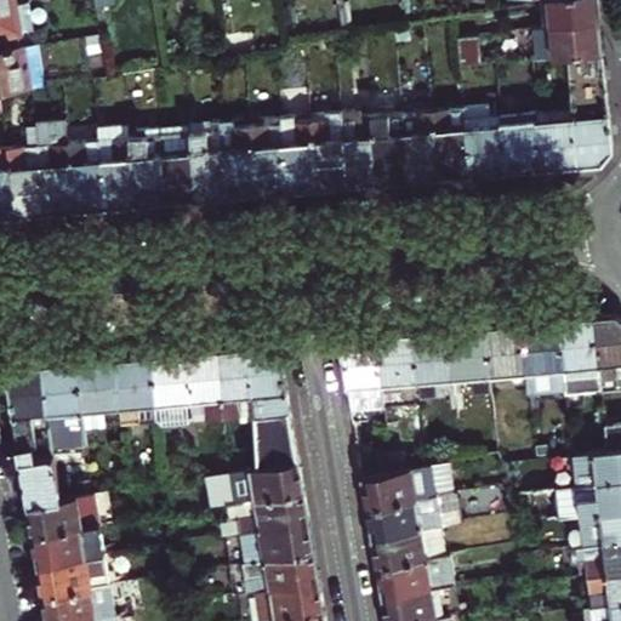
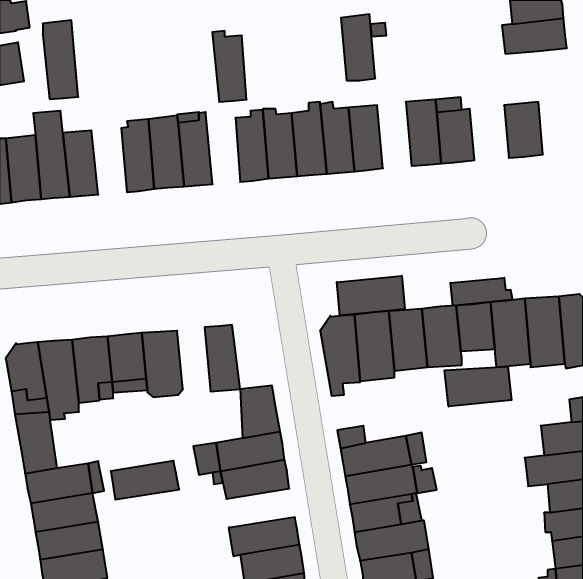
building: [566,57,611,170] -> none
building: [400,114,437,184] -> [341,14,375,81]
building: [498,118,540,176] -> none
building: [218,126,255,201] -> [212,31,247,102]
building: [97,129,135,212] -> [43,20,78,99]
building: none -> [337,276,405,316]
building: none -> [450,278,512,306]
building: [246,349,289,418] -> none
building: [188,353,223,423] -> none
building: none -> [445,367,511,407]
building: [240,524,313,565] -> [111,461,179,500]

